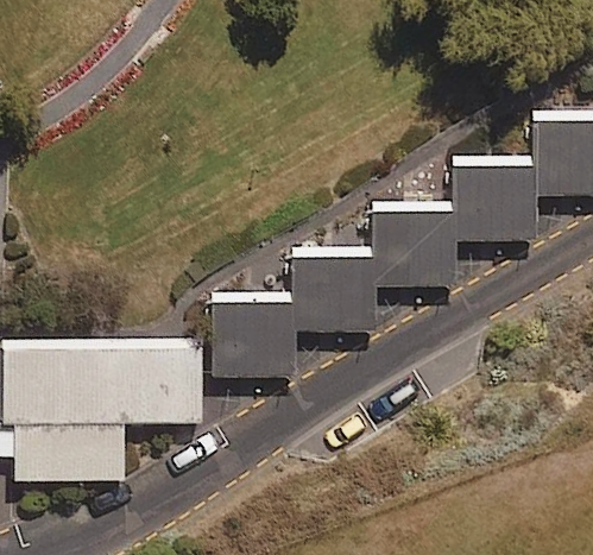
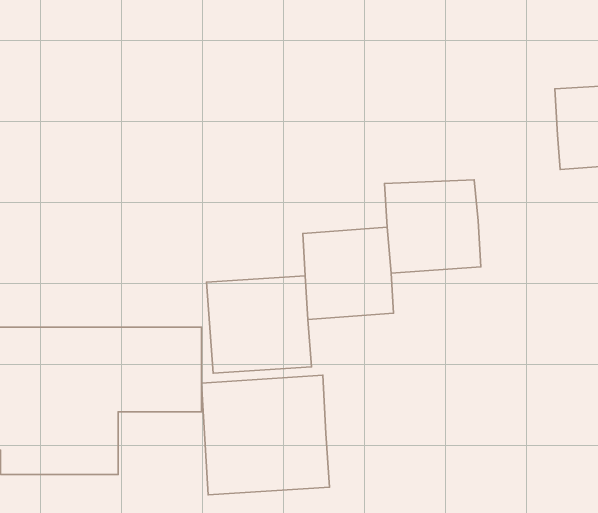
building: [450,163,535,242] -> none
building: none -> [202,375,329,495]

